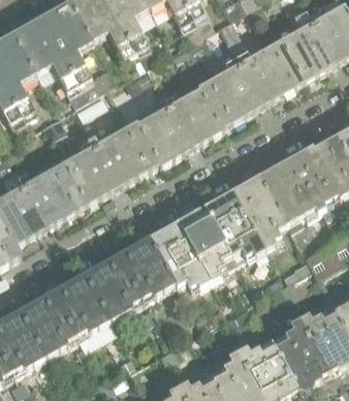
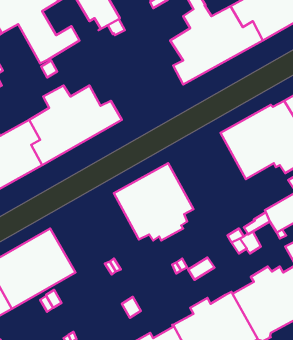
building: [125,80,222,163] -> none
building: [205,175,285,254] -> none
building: [85,237,174,318] -> none

